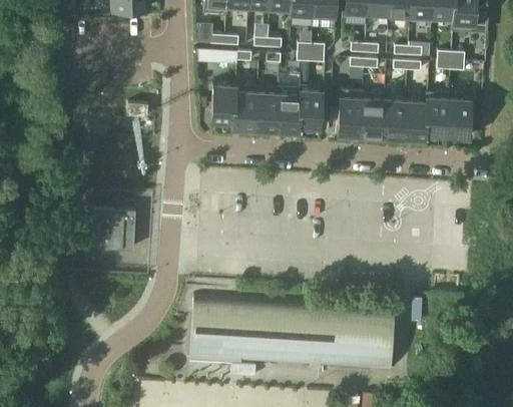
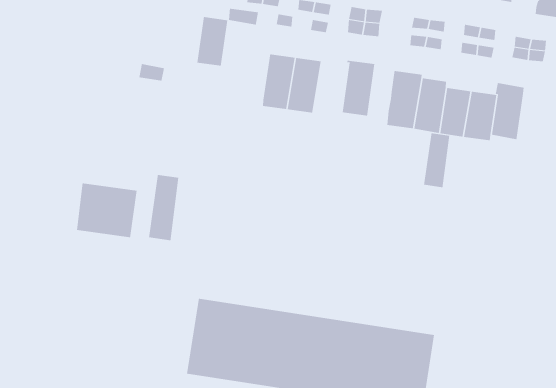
building: [211,85,234,125] -> [196,16,228,66]
building: [276,86,302,134] -> none
building: [448,99,472,139] -> none
building: none -> [423,132,450,188]
building: none -> [149,174,179,241]

